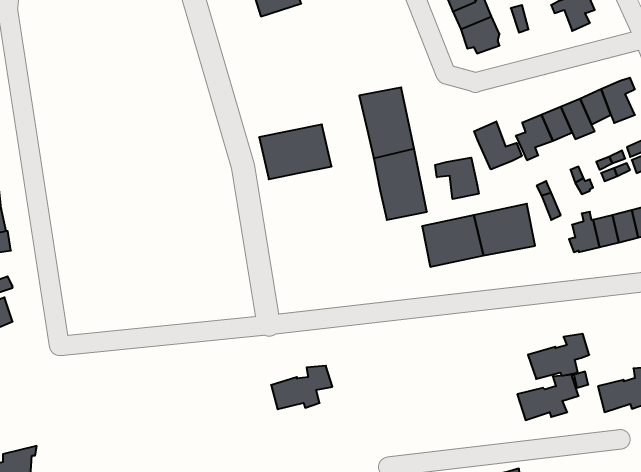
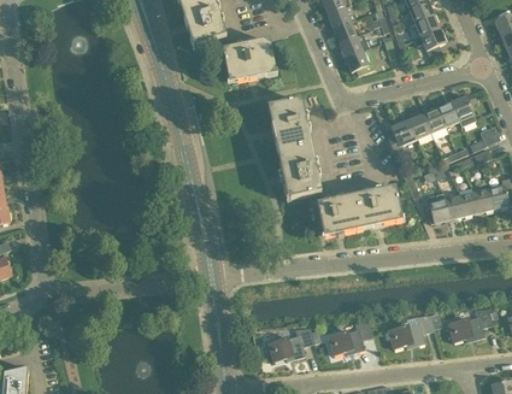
building: [474,121,522,169] -> none
building: [259,124,332,179] -> [222,40,276,81]
building: [435,158,479,199] -> none
building: [528,334,589,379] -> [328,321,373,354]
building: [271,366,332,409] -> [269,328,314,360]

